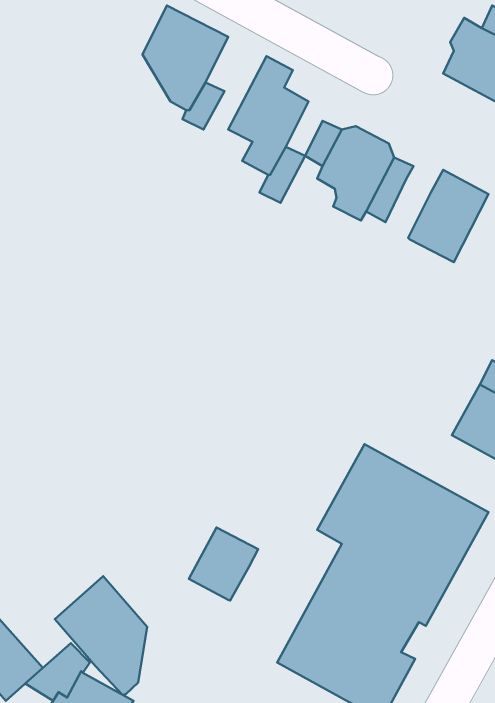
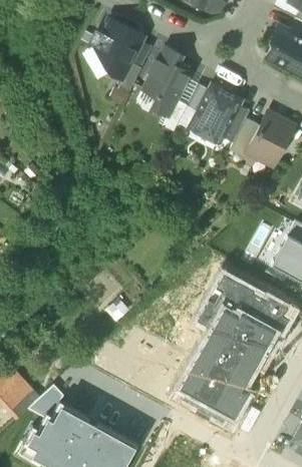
building: none -> [230,118,260,158]
building: [189,528,258,600] -> none
building: [55,576,147,695] -> none

